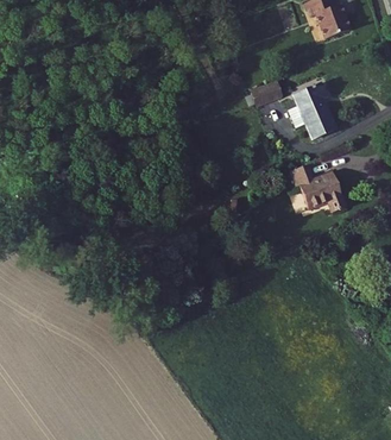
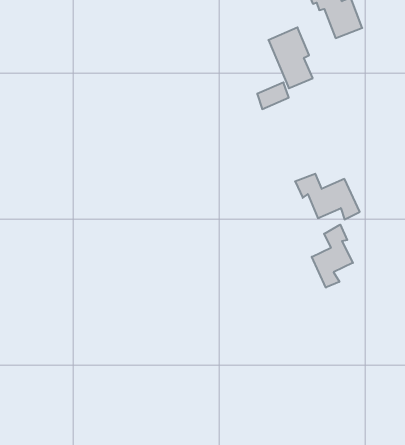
building: [292,82,334,139] -> [268,27,313,88]
building: none -> [312,225,353,288]

